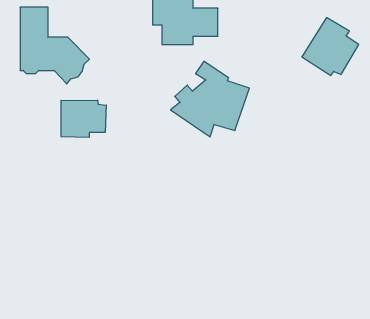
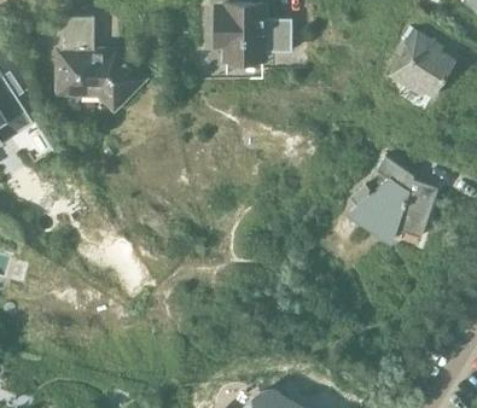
building: [171,61,249,137] -> [345,157,437,245]
building: [61,100,106,137] -> none

